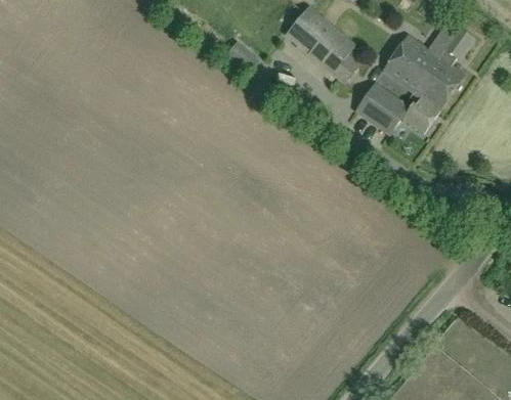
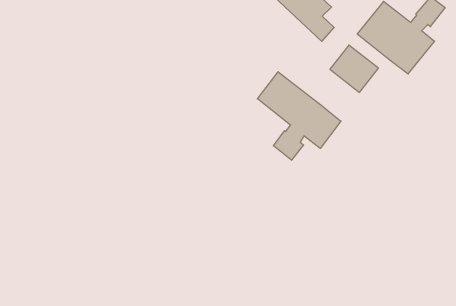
building: [401,98,438,133] -> none
building: none -> [257,72,341,160]

